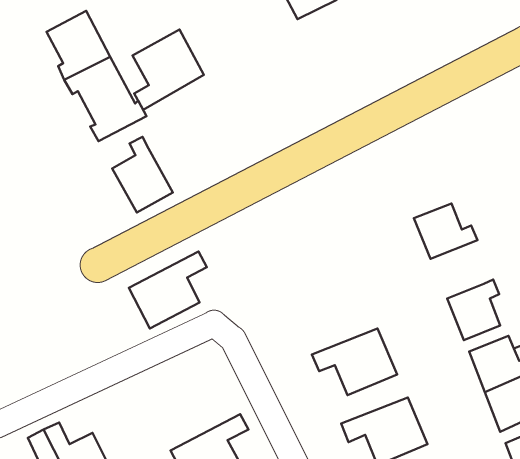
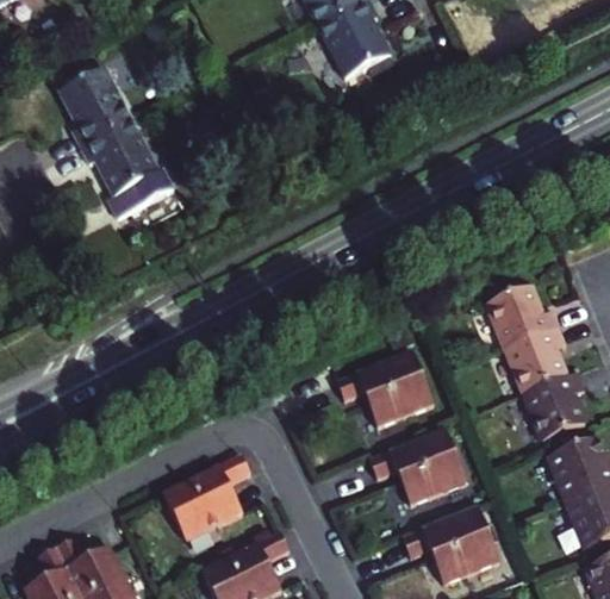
building: [132,30,204,110] -> none
building: [112,137,173,213] -> none
building: none -> [503,329,564,395]
building: [129,251,207,329] -> [164,448,254,536]
building: none -> [334,351,431,428]

